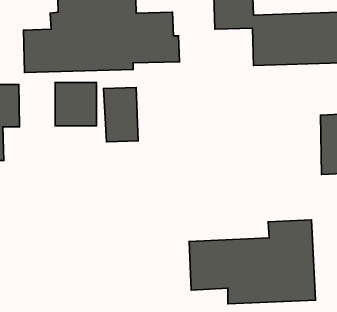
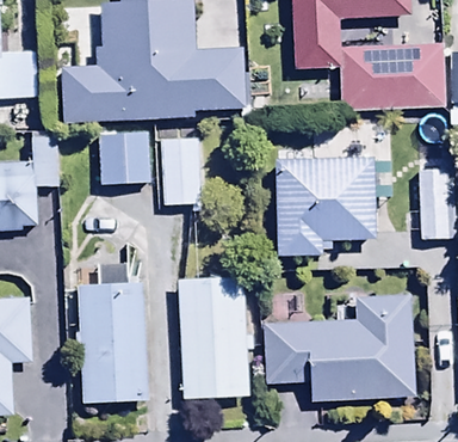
building: none -> [277,154,376,254]
building: none -> [75,263,149,404]
building: none -> [179,275,247,395]

